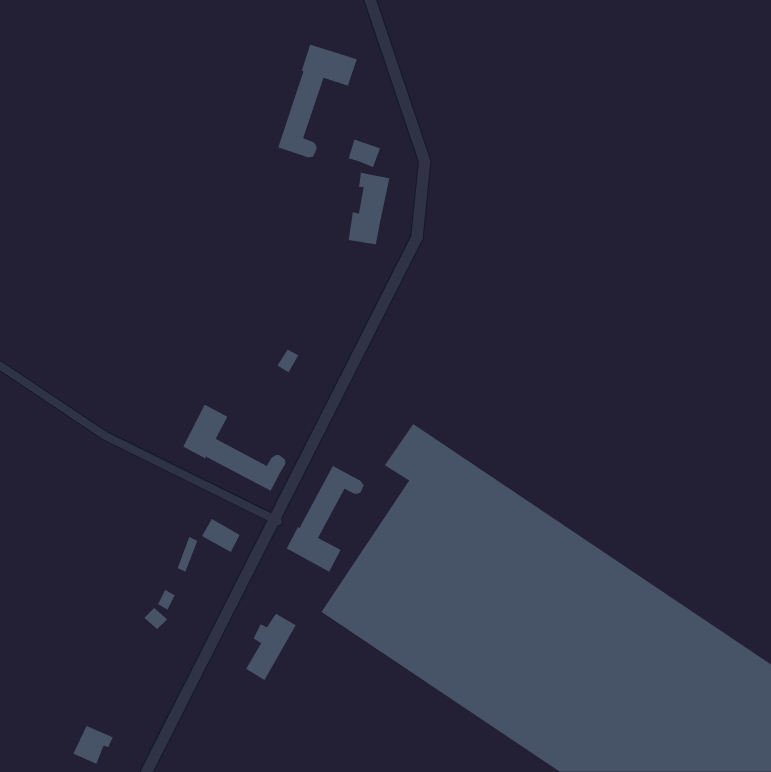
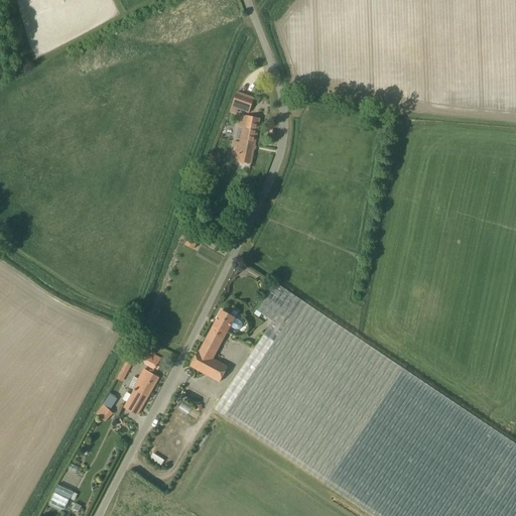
building: [278,44,357,158] -> none
building: [182,404,286,492] -> none
building: [245,613,297,681] -> [125,370,159,415]

